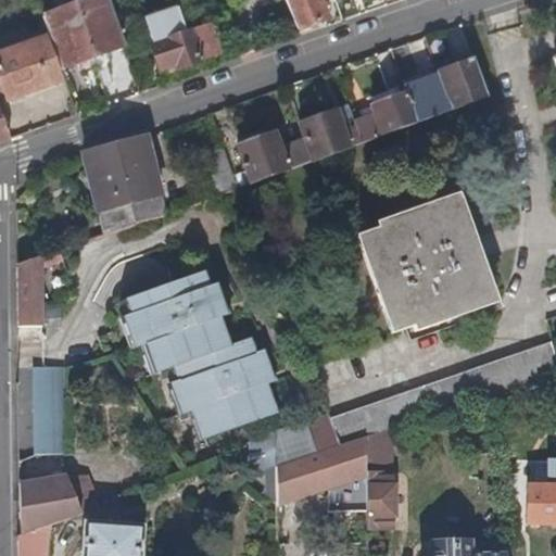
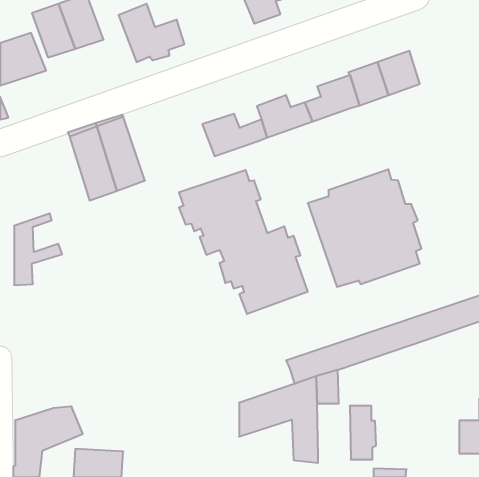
building: [131,270,280,437] -> [179,170,308,314]
building: [33,365,65,452] -> none
building: [368,466,399,528] -> [350,406,376,460]

